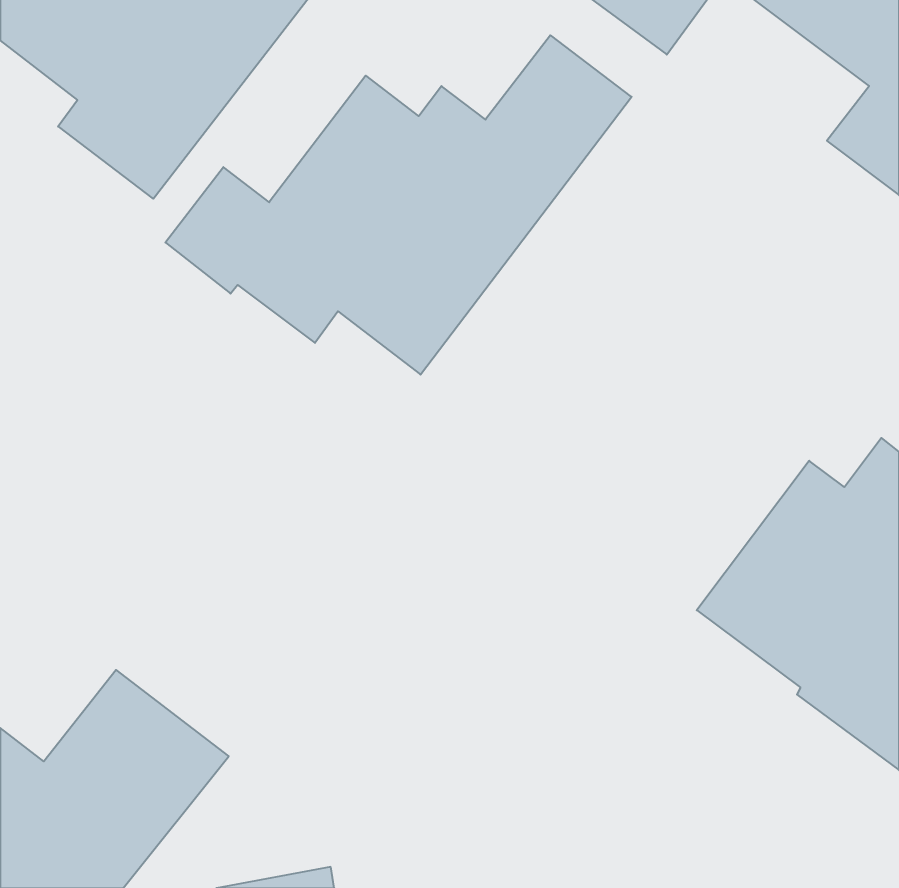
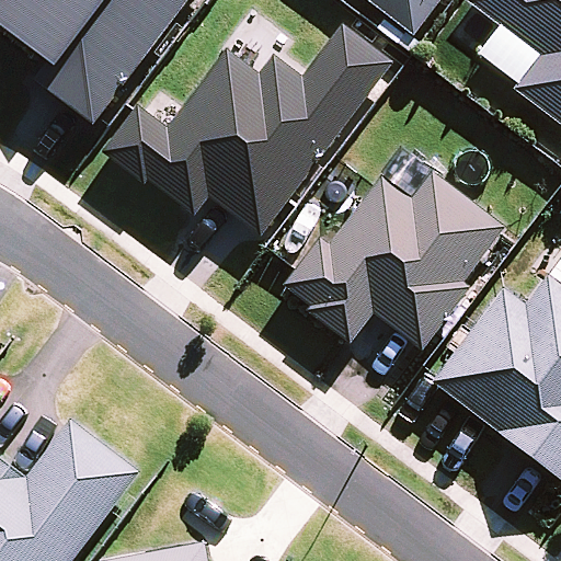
building: none -> [284,169,506,348]

